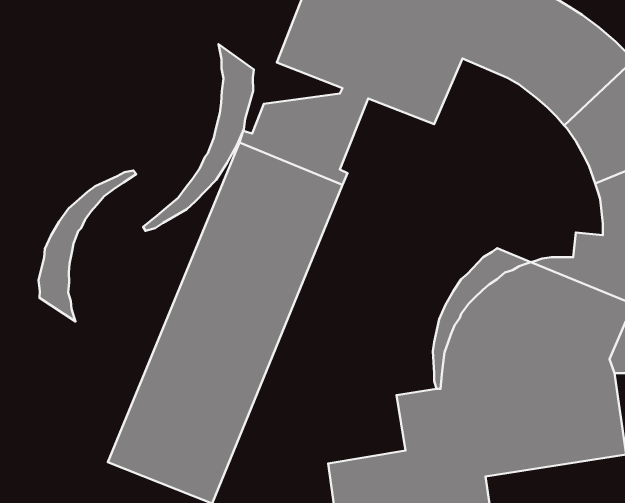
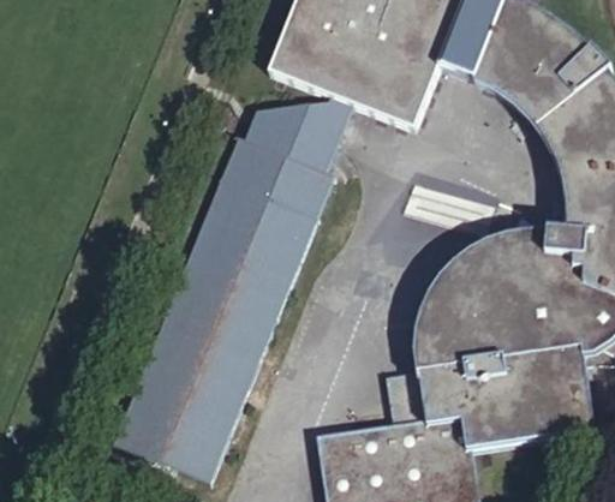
building: [143,44,254,231] -> none
building: [39,171,136,322] -> none
building: none -> [476,226,549,255]

